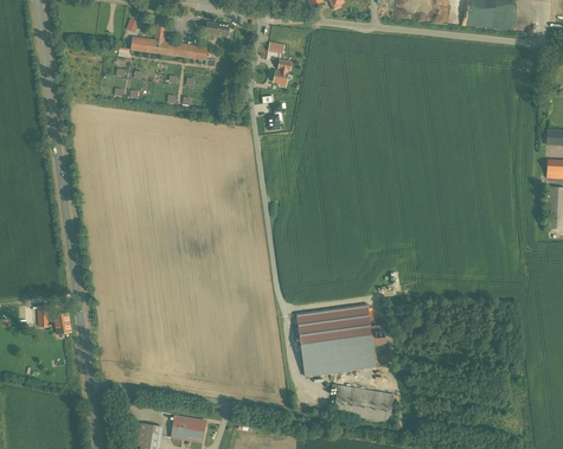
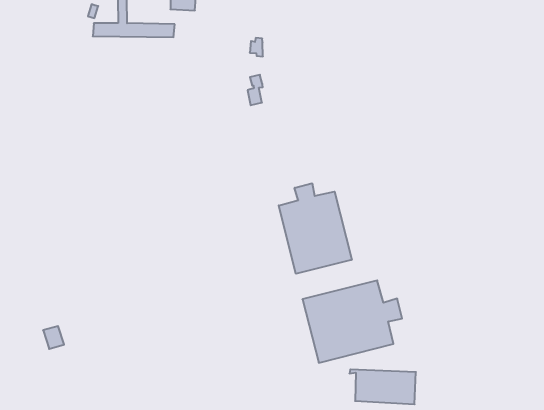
building: none -> [279,183,352,274]

